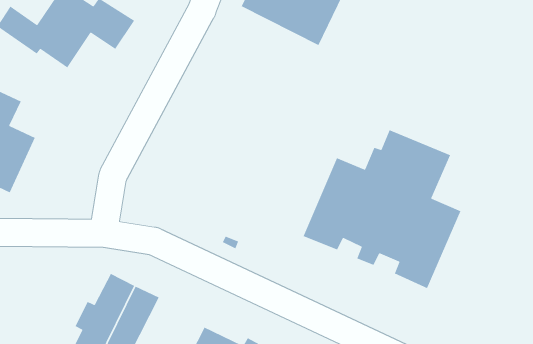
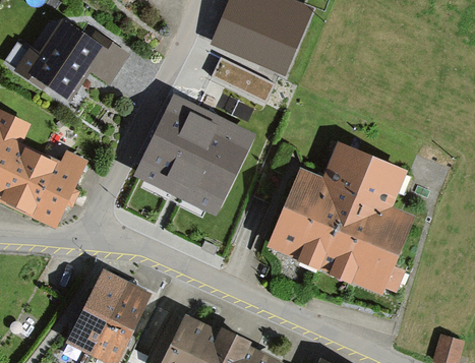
building: none -> [211,57,275,103]
building: none -> [140,98,251,201]
building: none -> [16,153,82,222]

